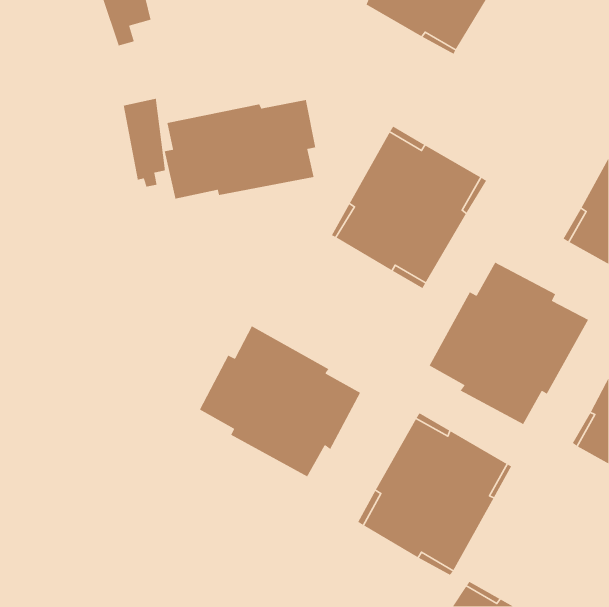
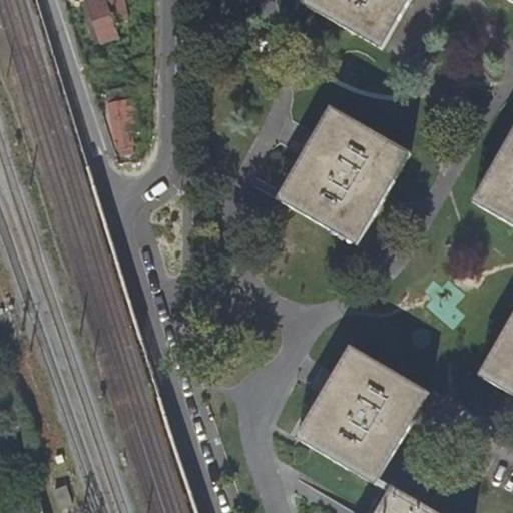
building: [164,99,316,200] -> none
building: [428,261,589,425] -> none
building: [199,325,361,478] -> none

